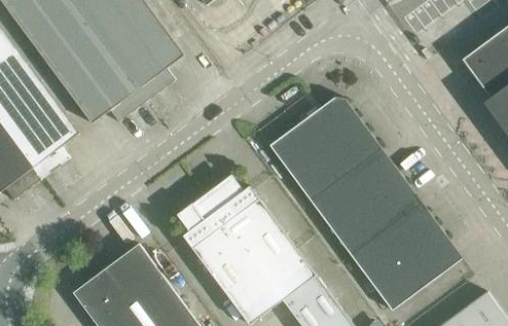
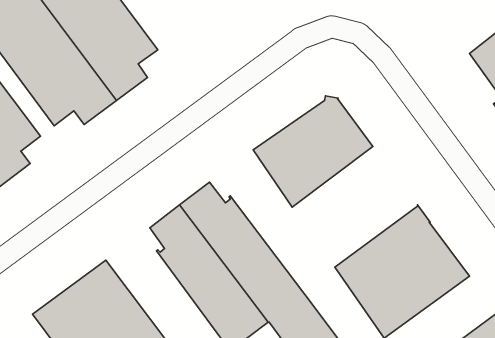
building: [305,142,418,250] -> none

